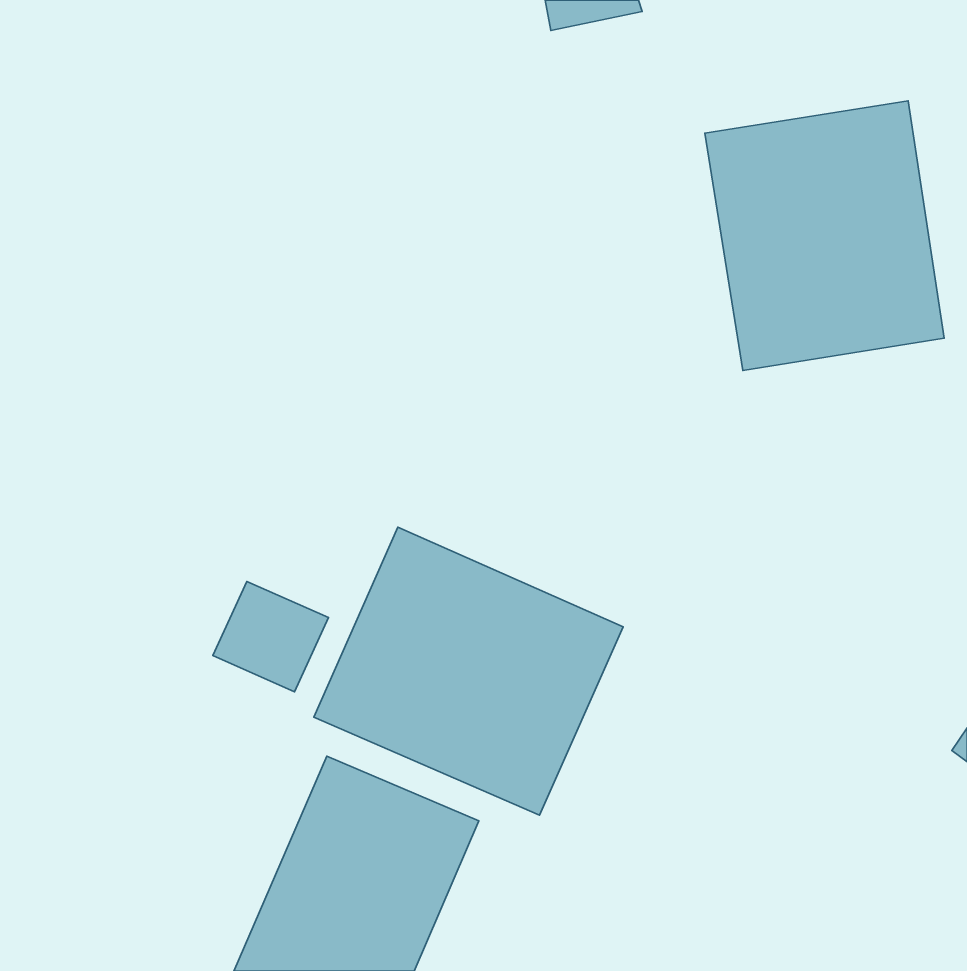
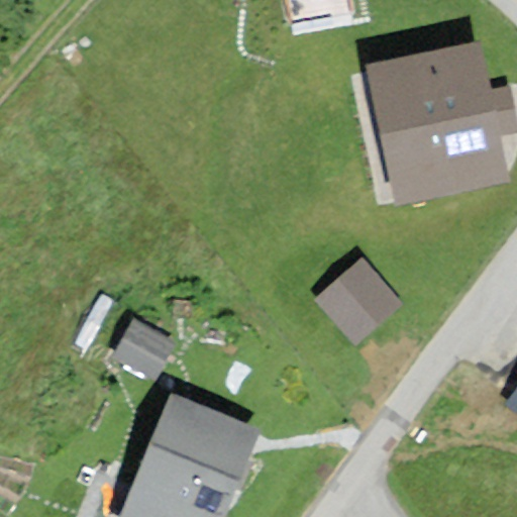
building: none -> [314,258,401,346]
building: [314,527,623,815] -> none

